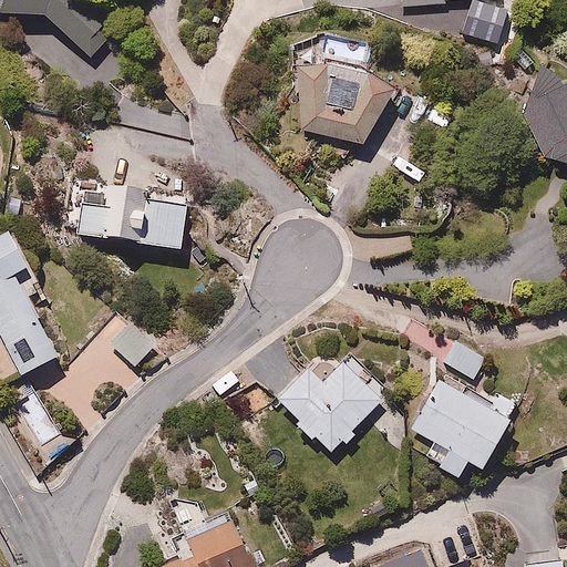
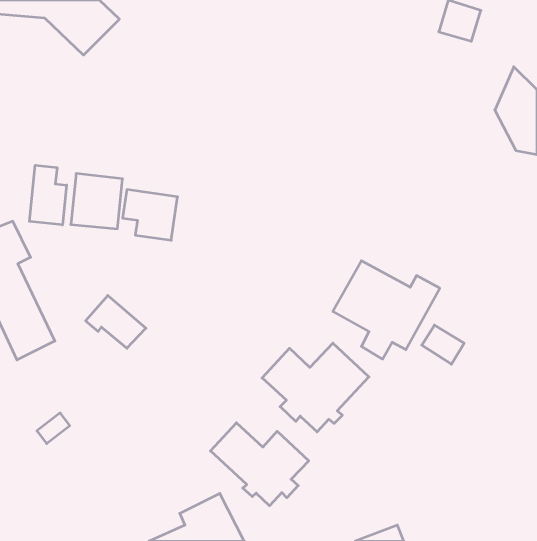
building: [299,63,400,145] -> none
building: none -> [29,165,67,225]
building: [409,377,520,480] -> [333,261,440,359]
building: none -> [210,423,309,506]

